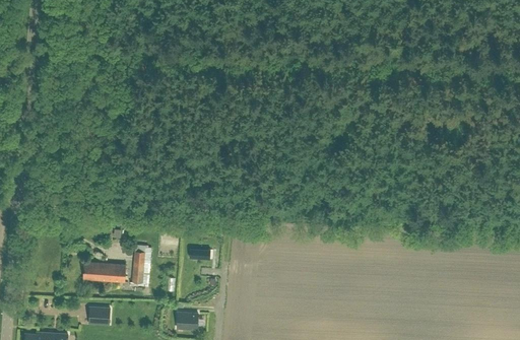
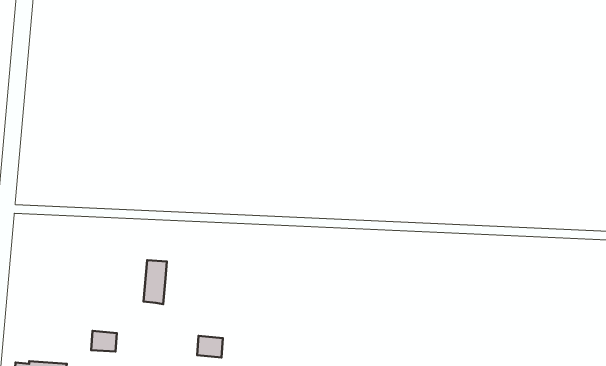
building: [82,262,124,282] -> none

